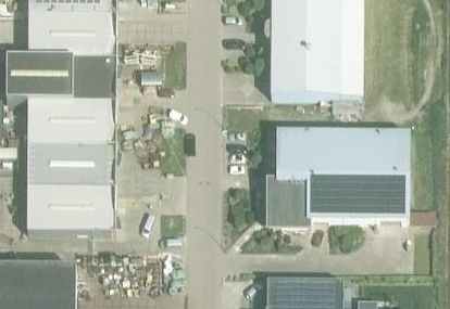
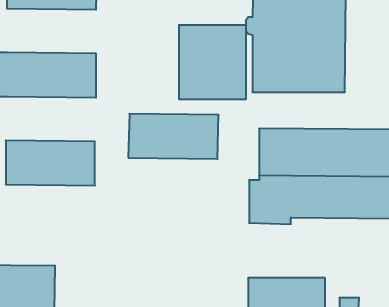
building: [27,12,115,56] -> none
building: none -> [179,25,246,99]
building: [26,99,115,143] -> [128,114,219,159]
building: [26,185,114,231] -> none

